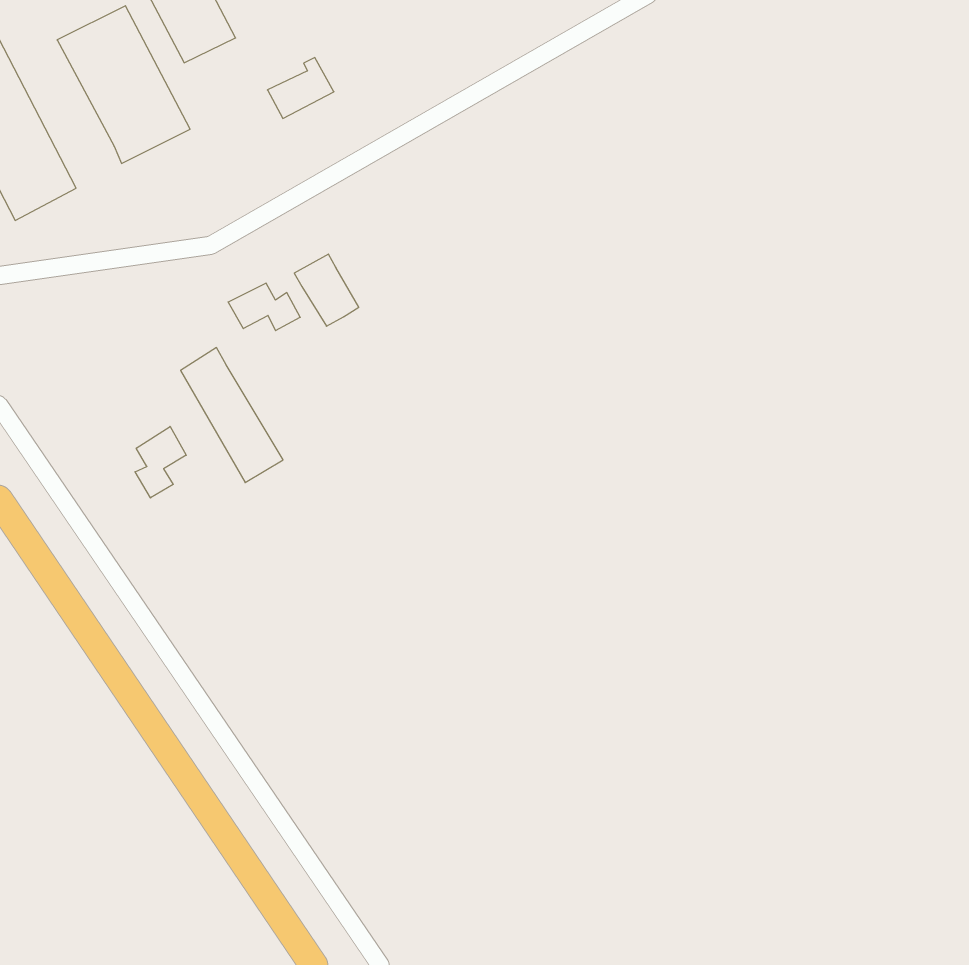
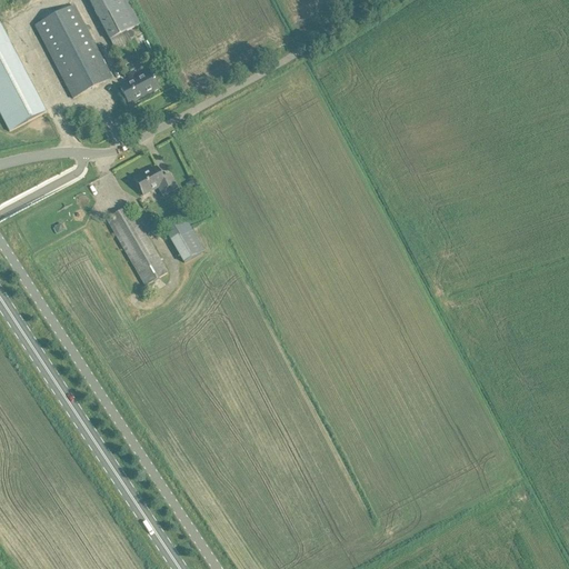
building: [267,58,334,118] -> [119,67,158,102]
building: [294,254,359,326] -> [164,218,202,260]
building: [135,426,186,498] -> none

